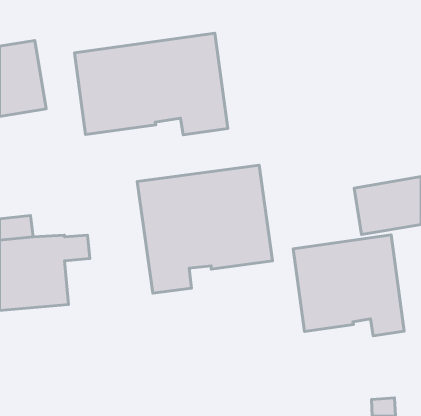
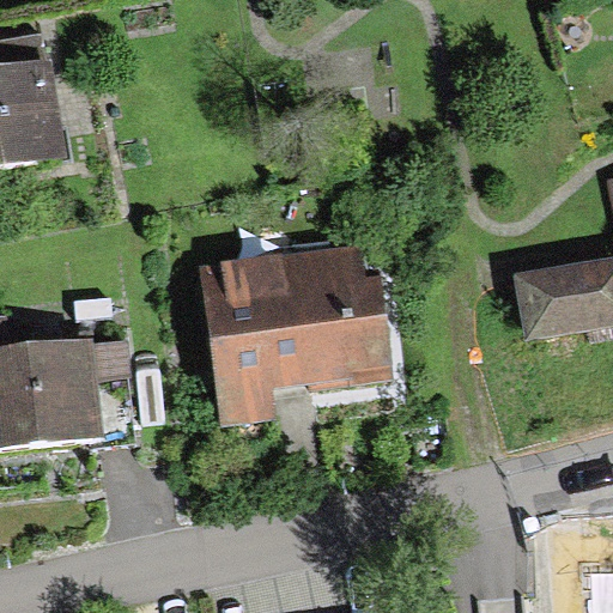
building: [74,33,228,135] -> none
building: [293,235,404,336] -> none

